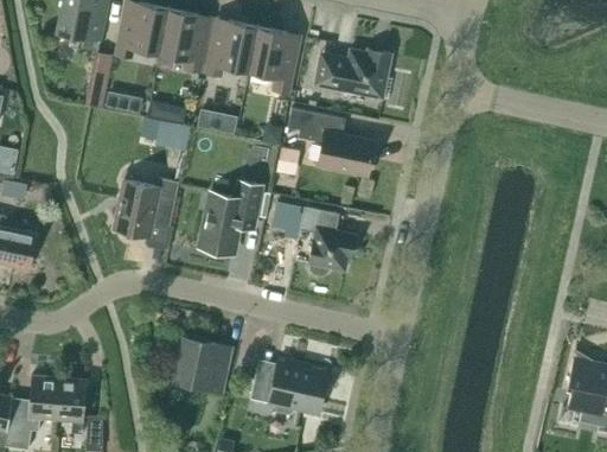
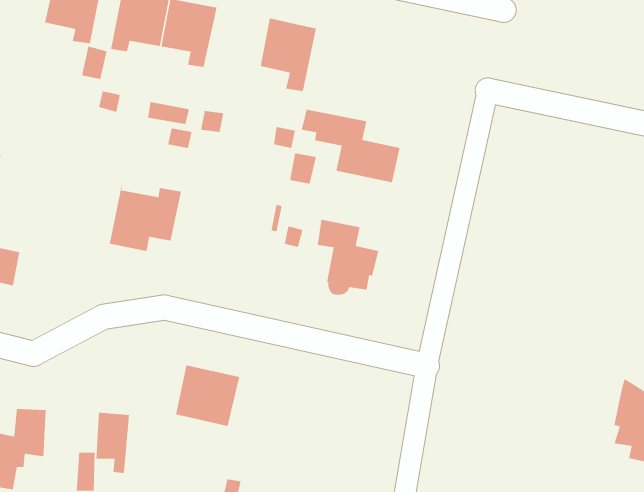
building: [204,18,257,76] -> none
building: [313,49,392,100] -> none
building: [198,180,262,256] -> none
building: [249,361,324,414] -> none
building: [56,377,87,433] -> [95,412,130,474]

